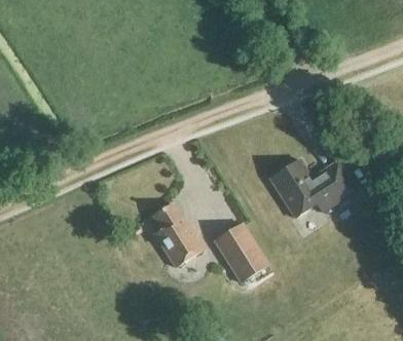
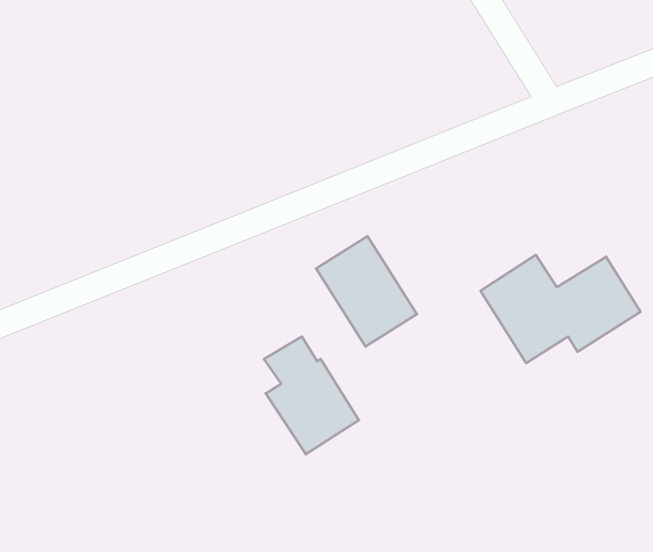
building: [214,223,268,282] -> [316,236,417,346]

